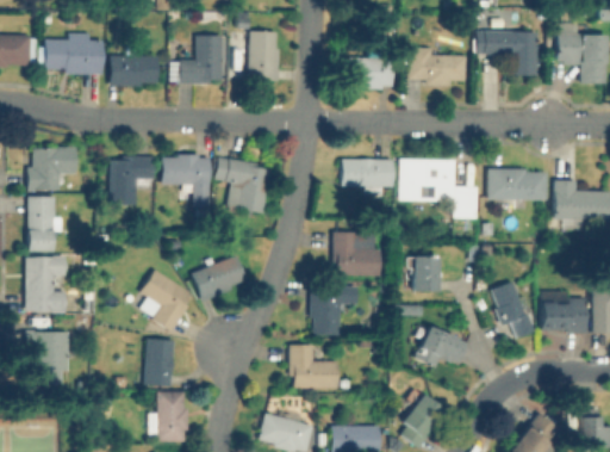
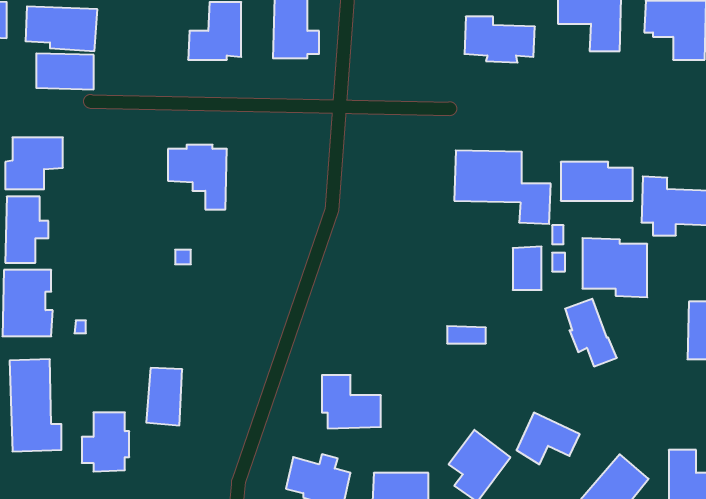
building: [344,50,394,89] -> none
building: [110,56,157,86] -> [36,53,94,89]
building: [106,156,157,205] -> none
building: [214,157,275,213] -> none
building: [342,160,394,196] -> none
building: [334,231,380,275] -> none
building: [192,255,247,302] -> none
building: [413,256,437,292] -> [513,247,542,290]
building: [141,270,192,332] -> none
building: [310,286,363,334] -> none
building: [535,290,589,339] -> [582,238,647,297]
building: [415,326,467,369] -> [516,413,580,464]
building: [149,392,188,441] -> [82,412,129,472]

